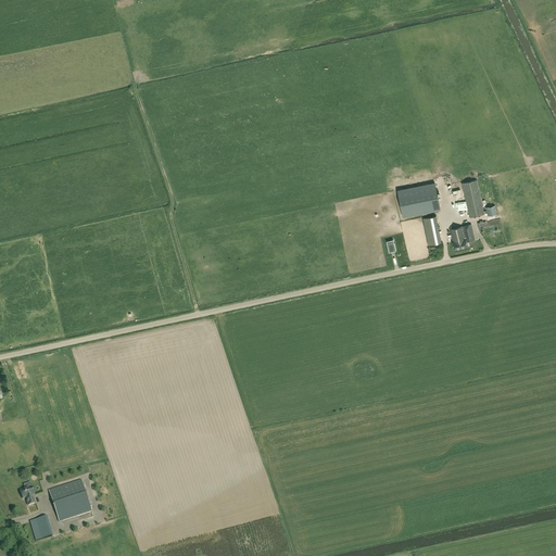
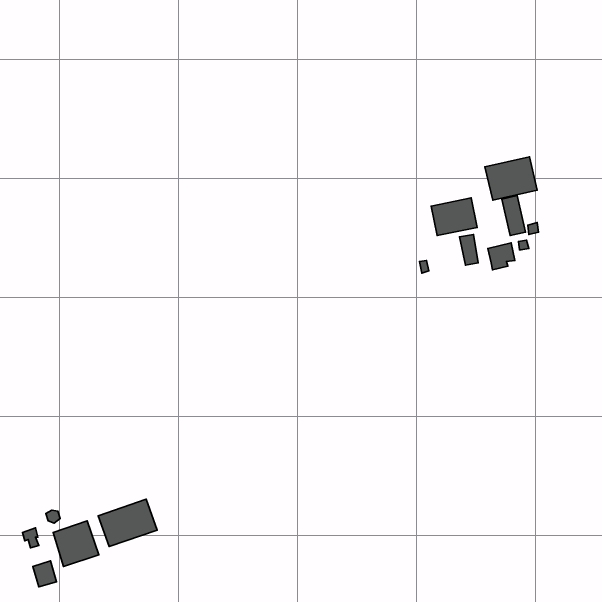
building: none -> [485,157,537,200]
building: none -> [98,499,157,547]

